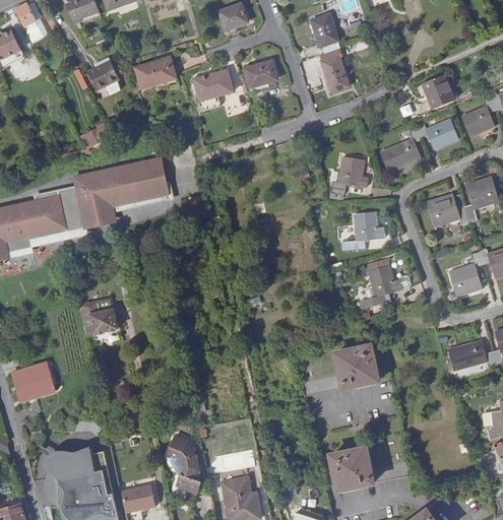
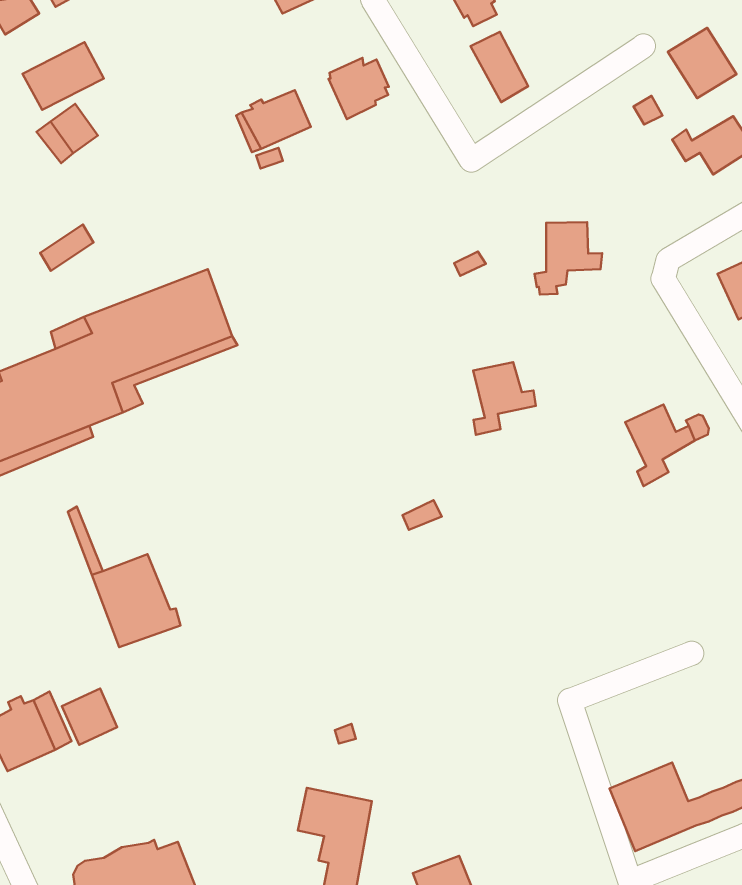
building: [135,57,177,88] -> [23,42,104,110]
building: [382,128,421,172] -> none
building: [351,212,384,247] -> [473,362,536,435]
building: [302,345,379,398] -> none
building: none -> [62,689,117,745]

